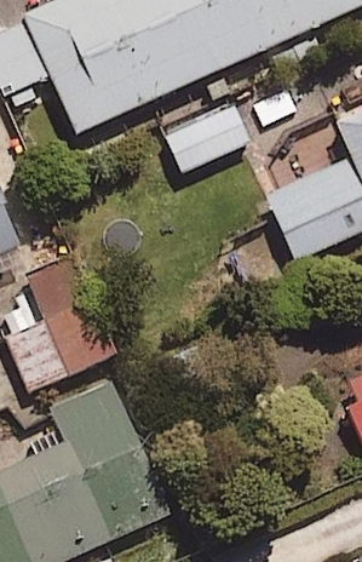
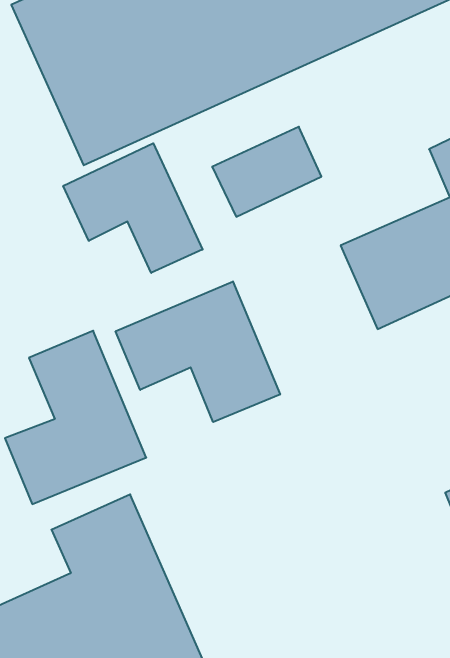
building: none -> [63,143,203,273]
building: none -> [116,281,280,422]

